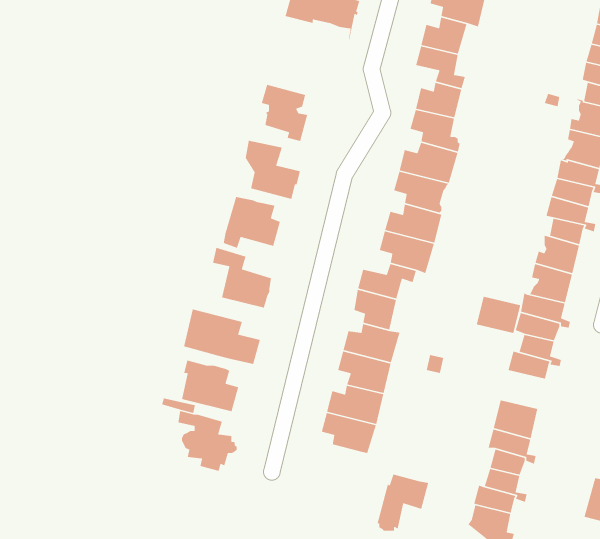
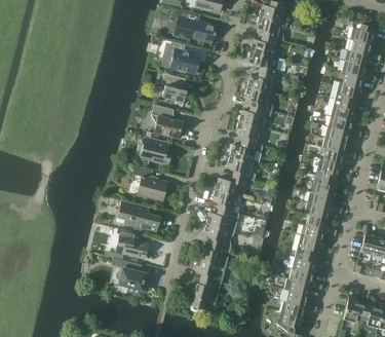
building: none -> [165,42,200,74]
building: [476,296,521,334] -> [296,235,321,257]
building: [377,473,429,532] -> [191,277,221,310]

